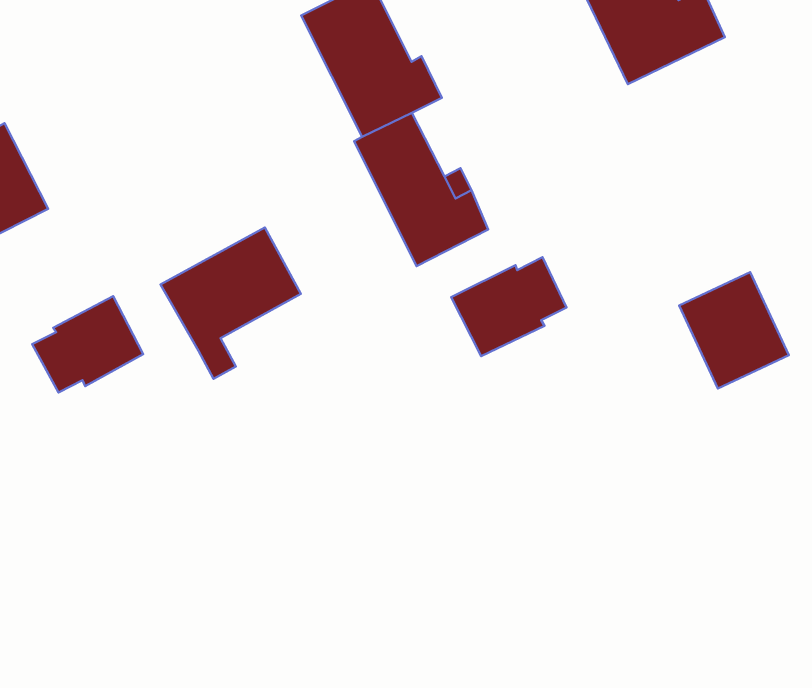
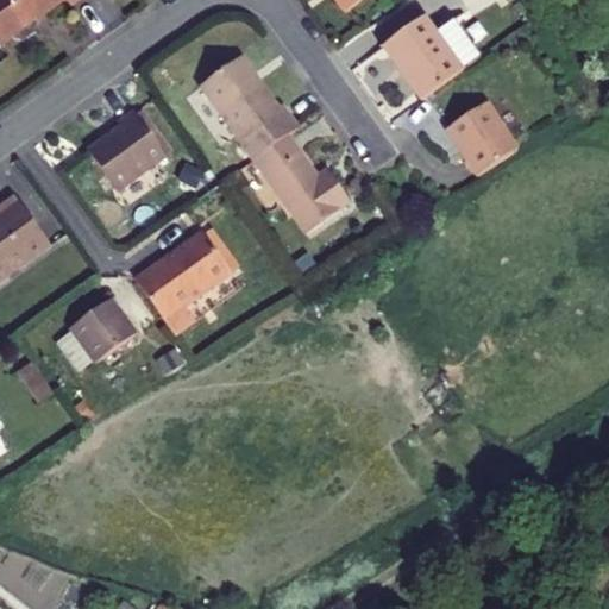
building: none -> [89,105,175,193]
building: [451,257,566,356] -> none
building: [679,272,789,388] -> [441,92,519,171]

